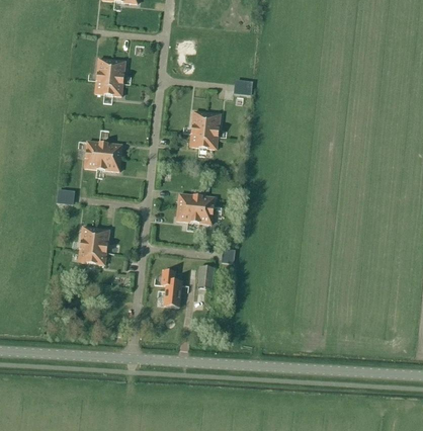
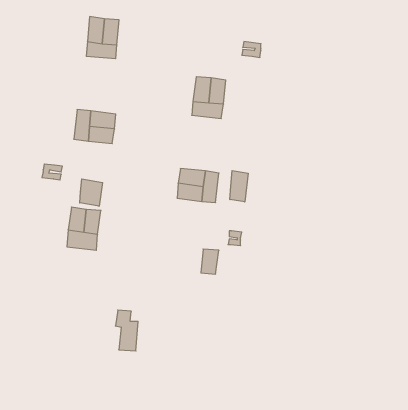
building: none -> [230,171,248,202]
building: none -> [80,179,103,206]
building: [161,270,181,307] -> [115,310,138,351]

